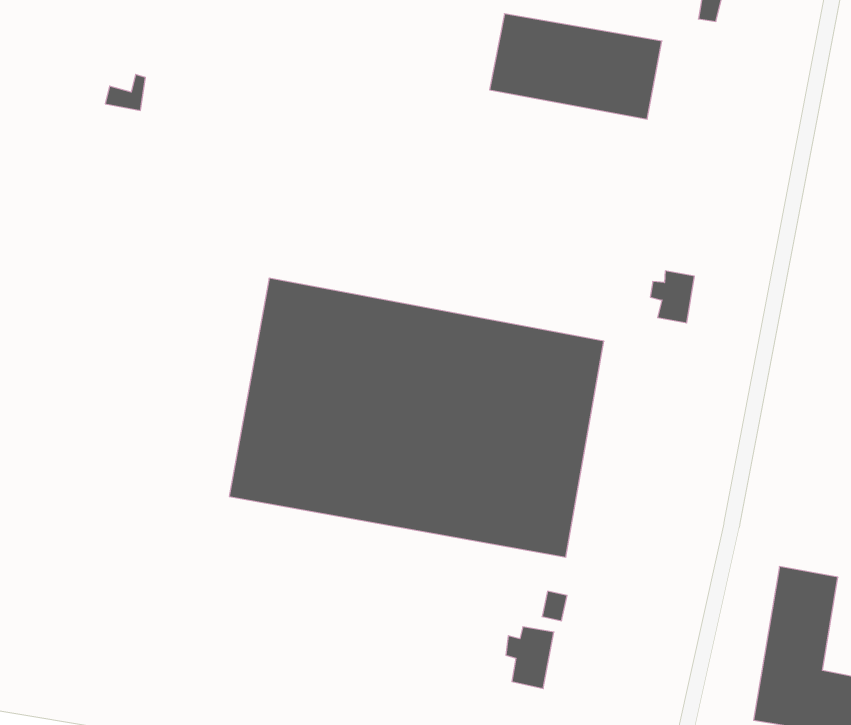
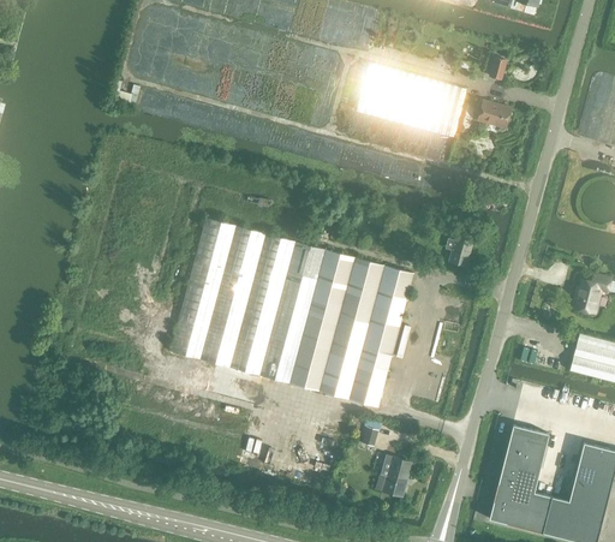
building: none -> [477,101,509,127]
building: [506,627,554,689] -> [380,458,411,498]

